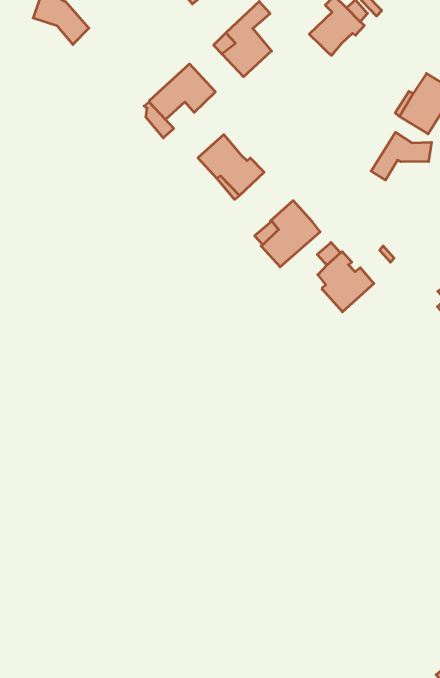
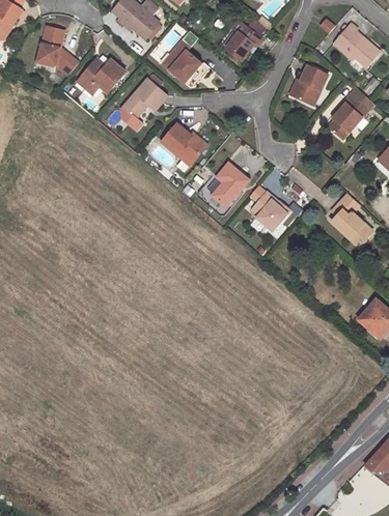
building: none -> [77,59,124,94]
building: [371,132,432,180] -> none

